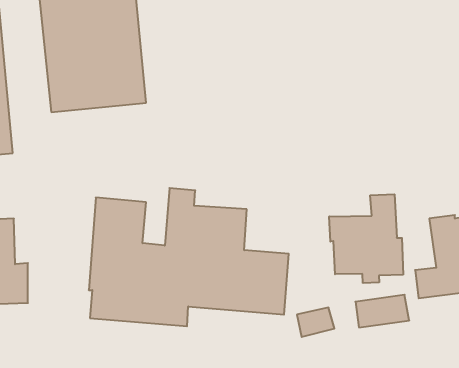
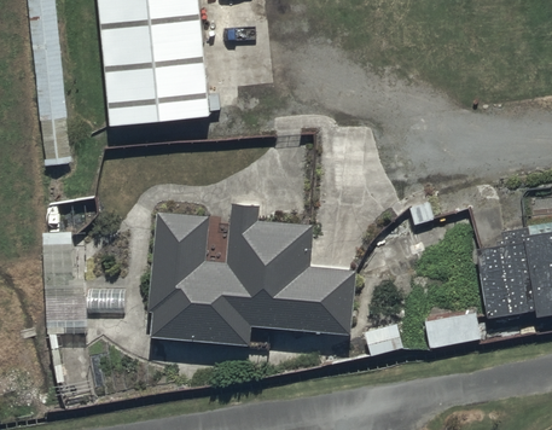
building: [329,194,403,283] -> none

